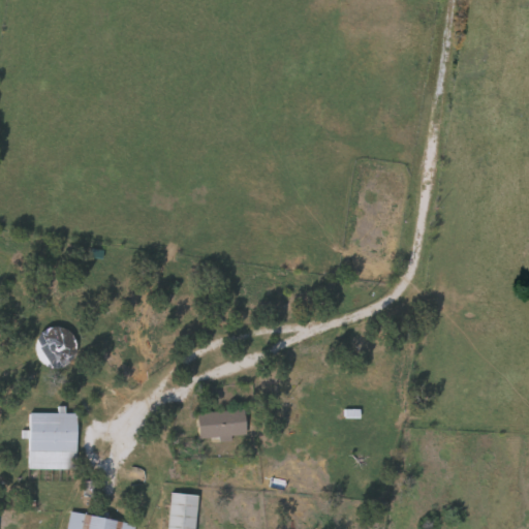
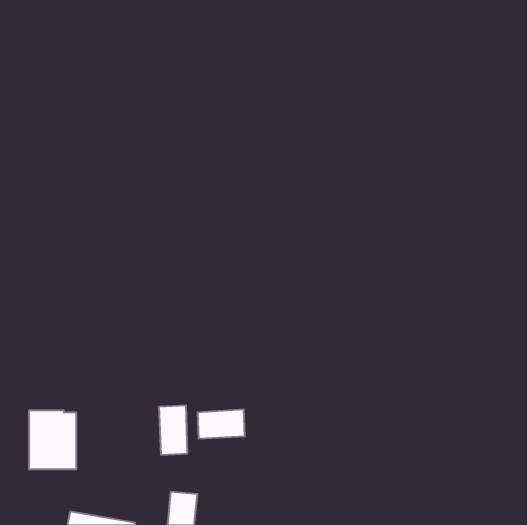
building: [40,328,72,366] -> none
building: none -> [159,405,187,455]

